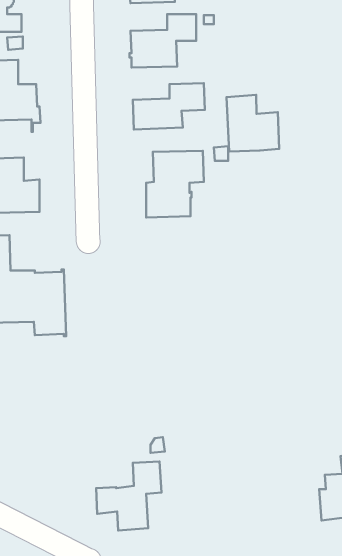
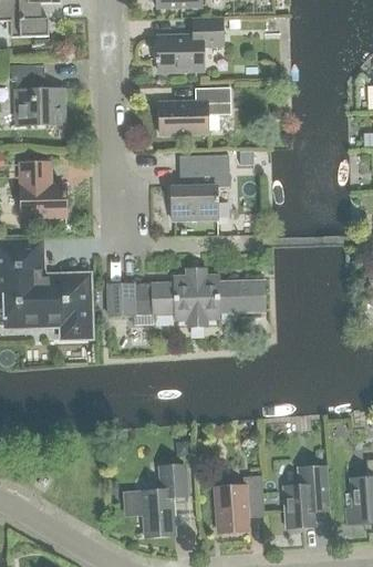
building: [227,95,279,151] -> none
building: none -> [106,268,263,327]
building: none -> [282,464,330,528]
building: none -> [215,475,263,533]

